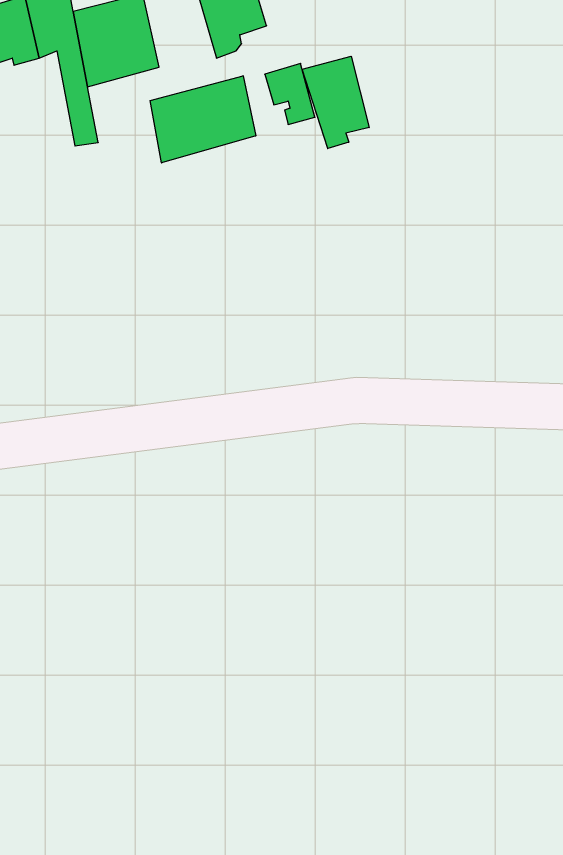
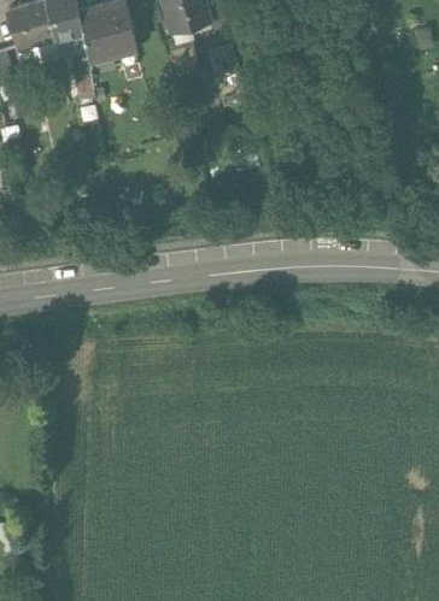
building: [302,56,369,149] -> none
building: [150,76,256,163] -> none

